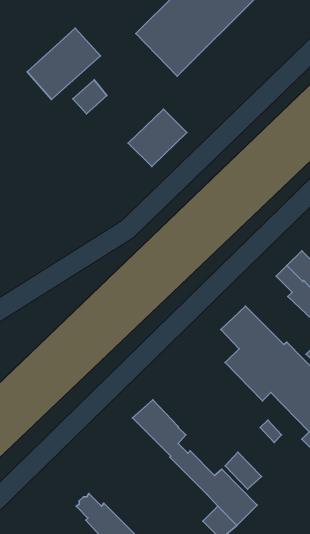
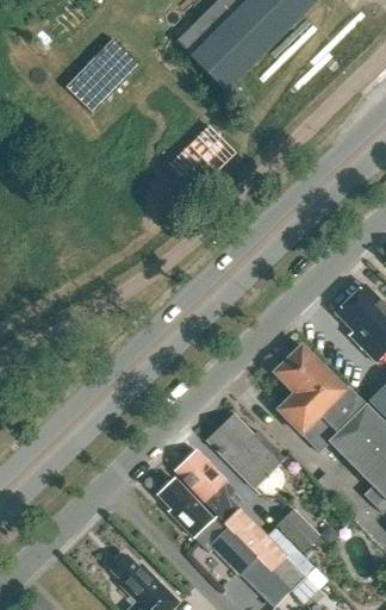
building: [73,80,107,114] -> none
building: none -> [207,413,286,494]
building: none -> [158,478,259,574]

